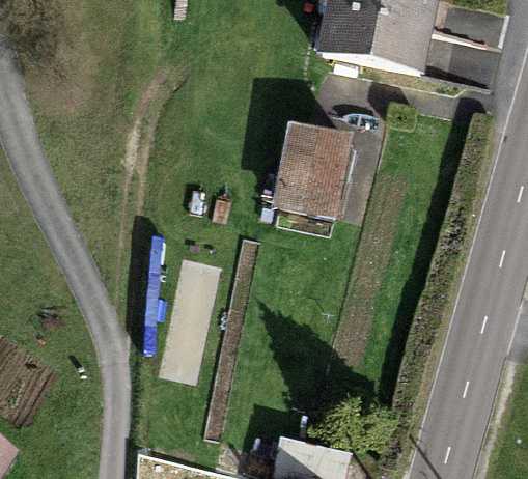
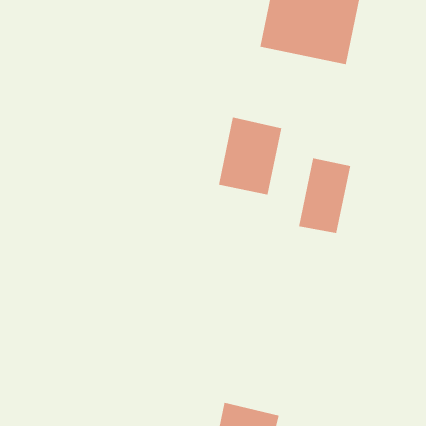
building: none -> [299,157,351,234]

